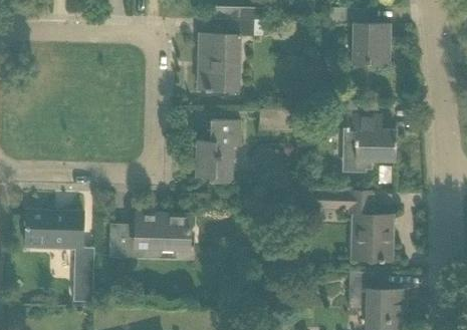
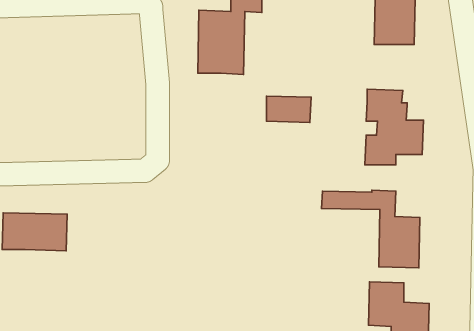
building: [196,120,241,183] -> none
building: [109,215,190,258] -> none
building: [75,245,94,302] -> none

